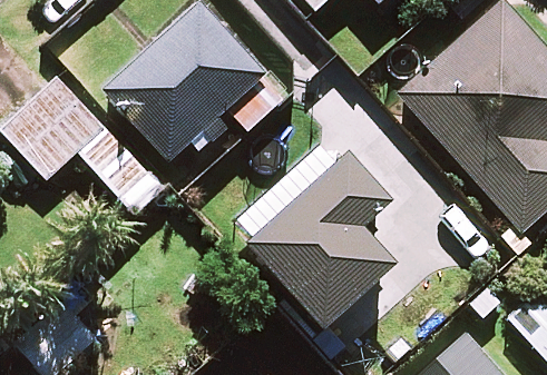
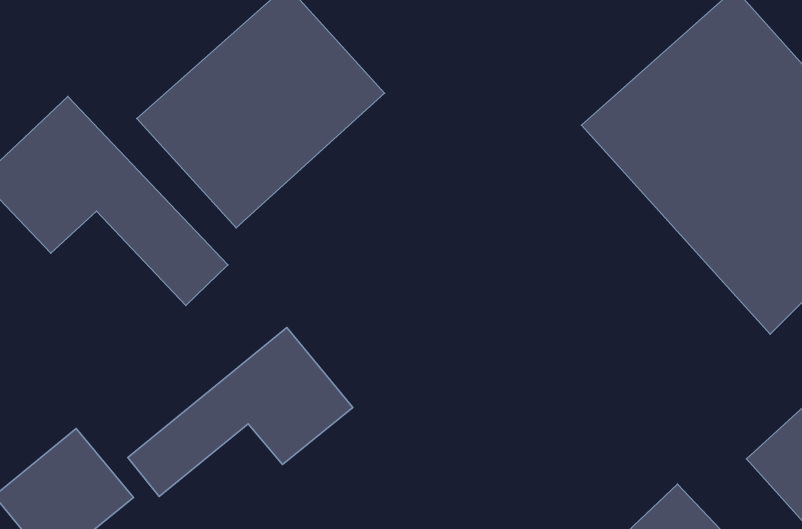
building: [247,157,395,330] -> none
building: none -> [128,327,353,497]

